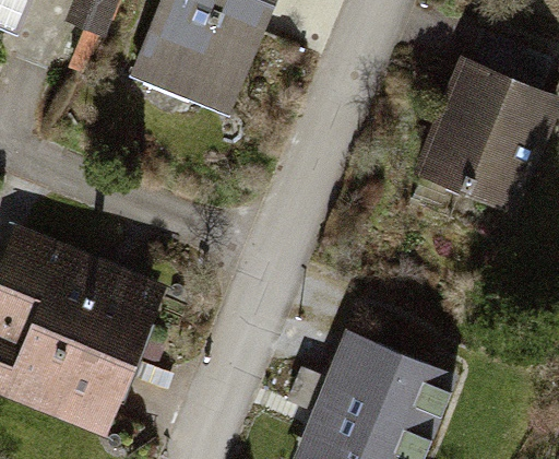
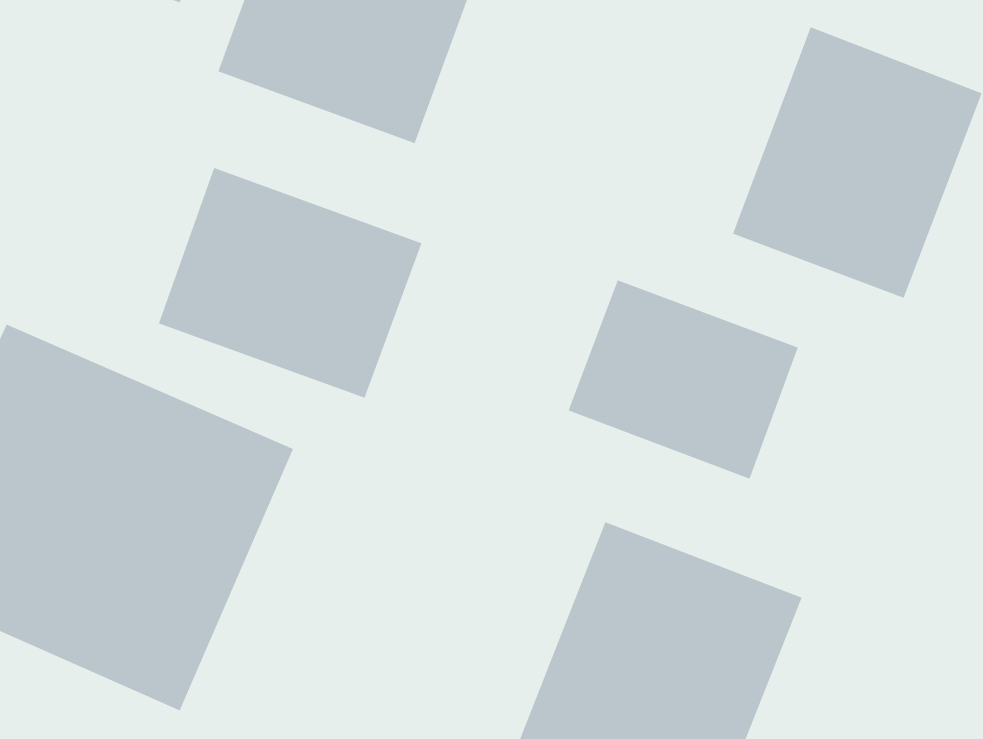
building: none -> [158,167,422,398]
building: none -> [568,279,798,479]

